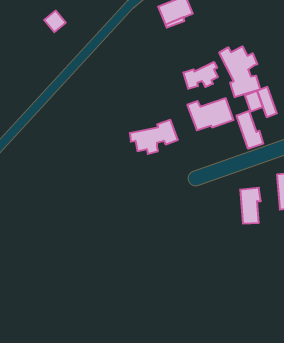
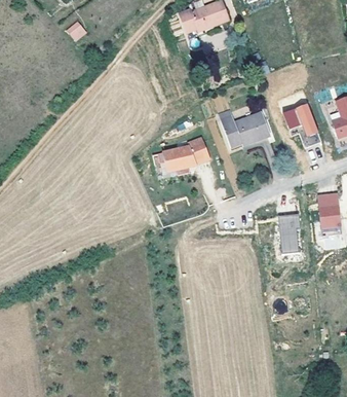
building: [219,46,260,97] -> none
building: [183,62,218,89] -> none
building: [237,111,263,149] -> none

